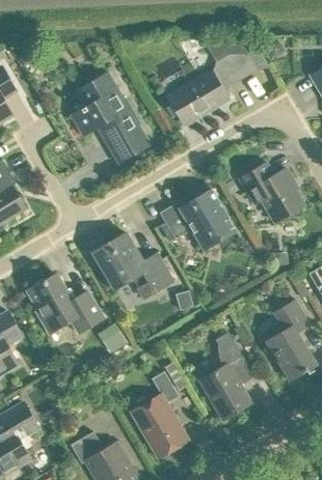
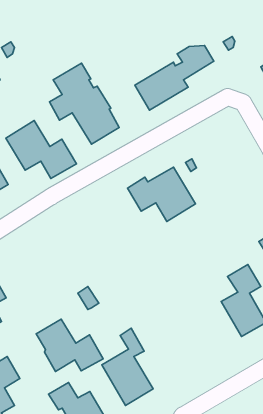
building: [239,163,303,222] -> none
building: [92,232,172,298] -> [6,121,77,179]
building: [27,274,103,333] -> [36,319,103,372]
building: [198,332,253,419] -> none

